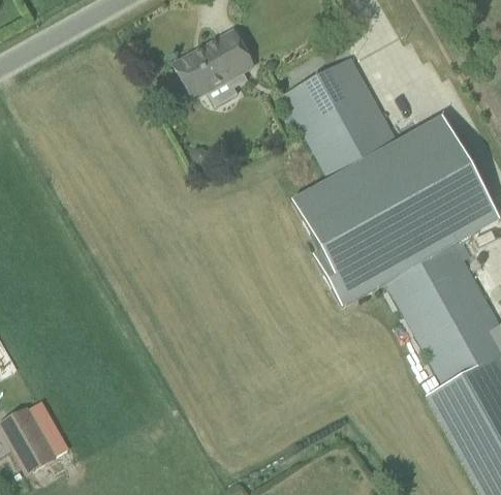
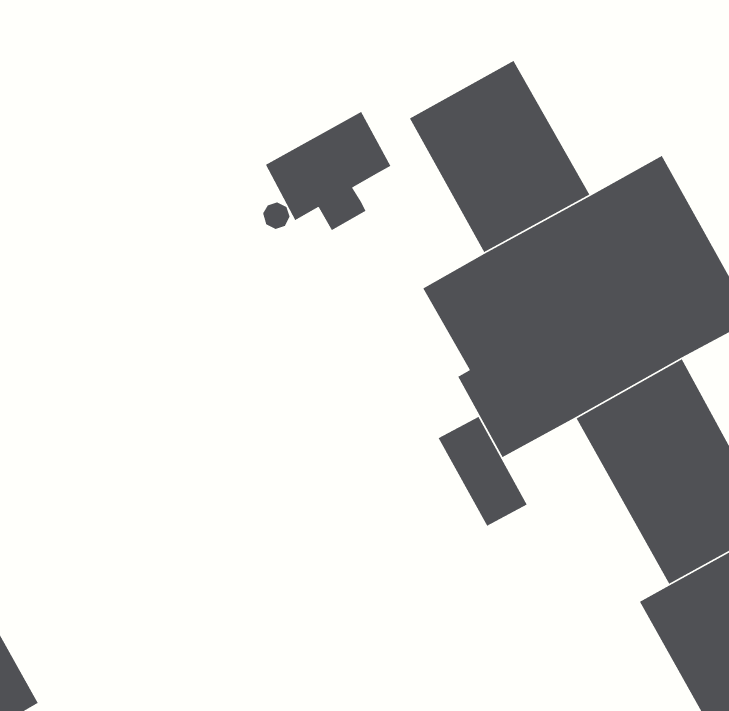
building: [176,29,254,103] -> [265,111,392,231]
building: none -> [438,416,528,527]

